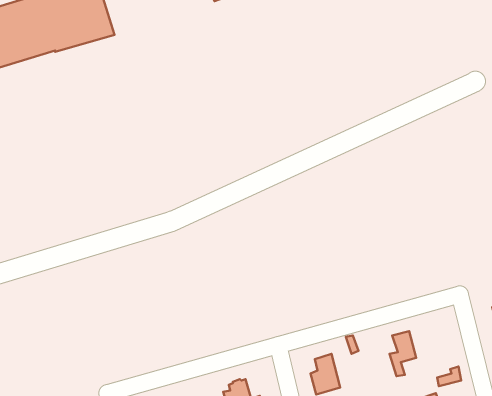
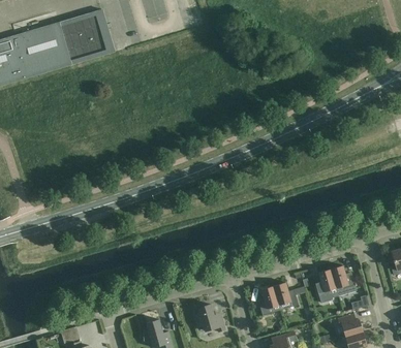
building: none -> [330,264,356,295]
building: none -> [273,282,298,310]

